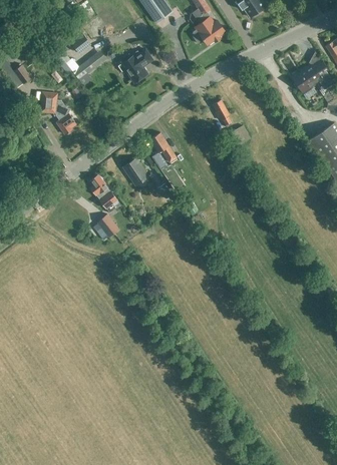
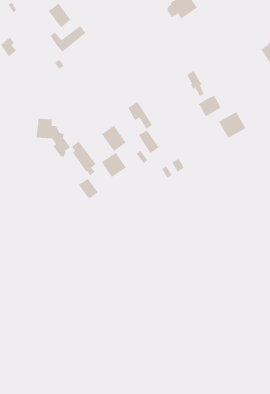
building: [115,49,152,82] -> none
building: [38,92,76,134] -> [36,118,71,158]
building: none -> [219,111,246,139]
building: none -> [101,152,127,178]

